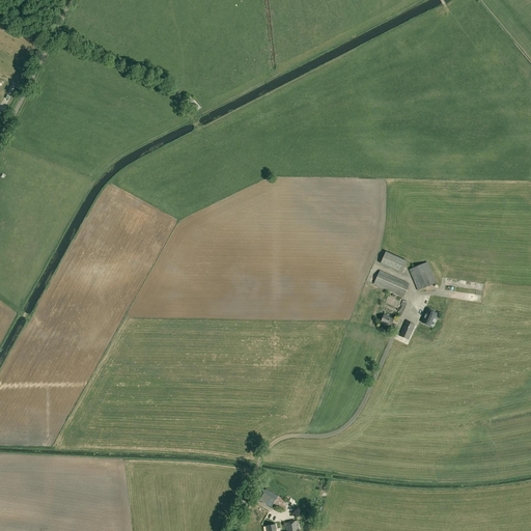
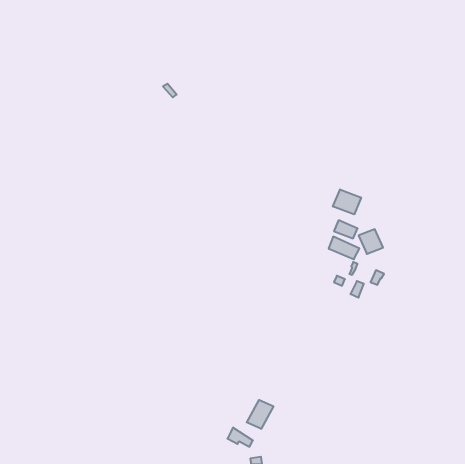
building: none -> [333,189,361,214]
building: none -> [247,400,273,429]

